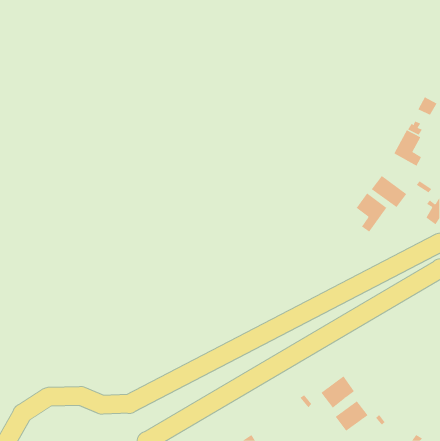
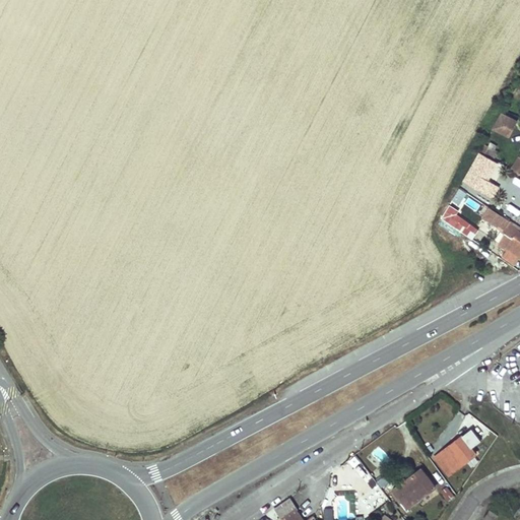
building: [356,193,387,233] -> none
building: [320,376,355,408] -> [435,437,475,475]

